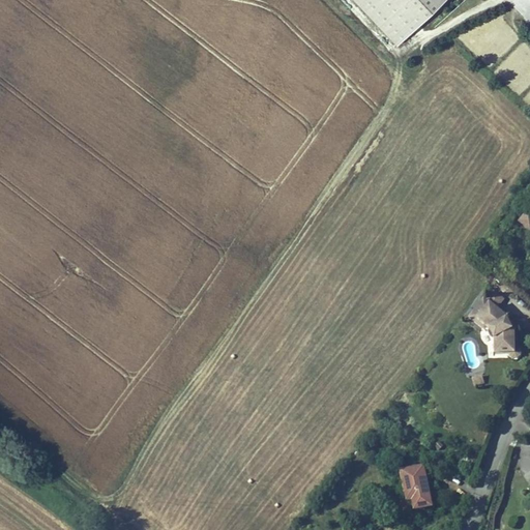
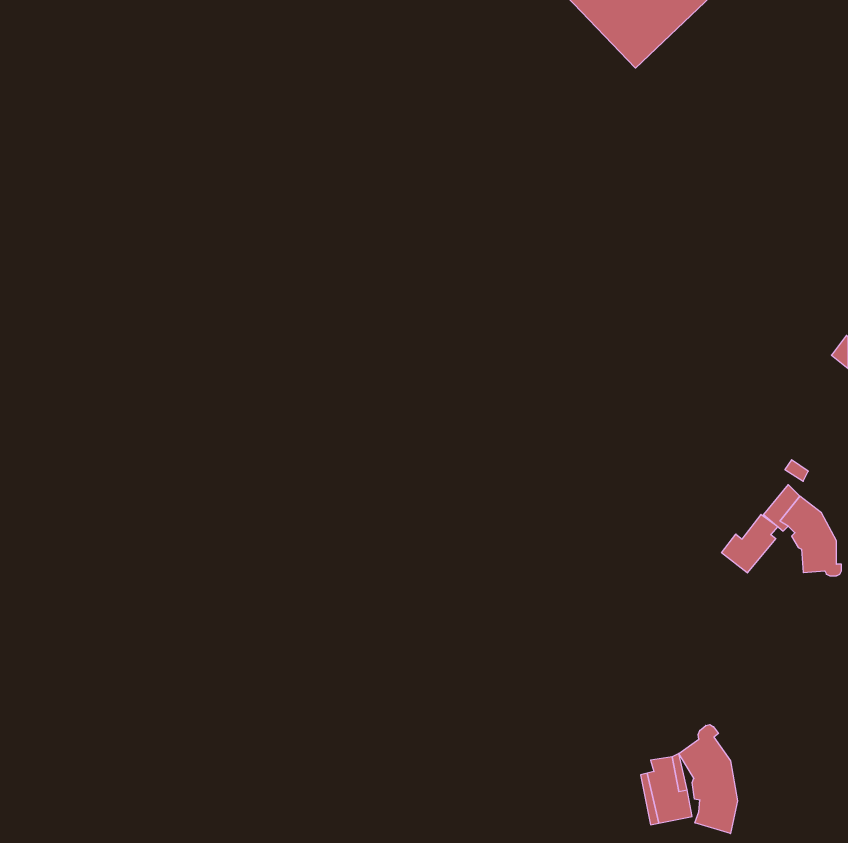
building: none -> [722,514,778,573]
building: none -> [679,725,738,834]

